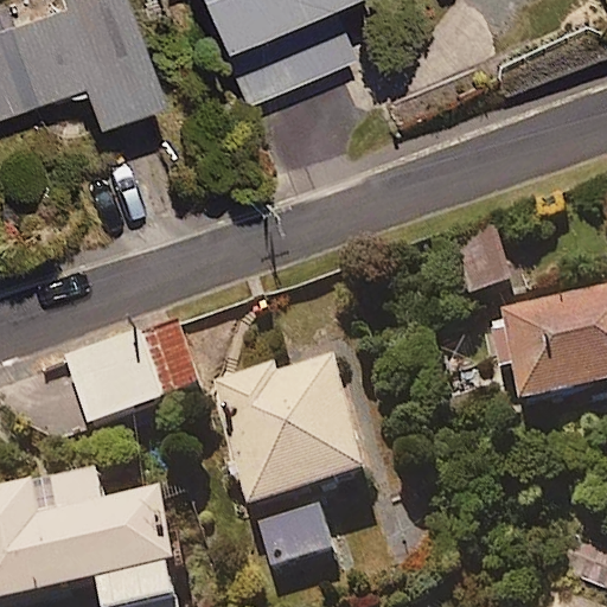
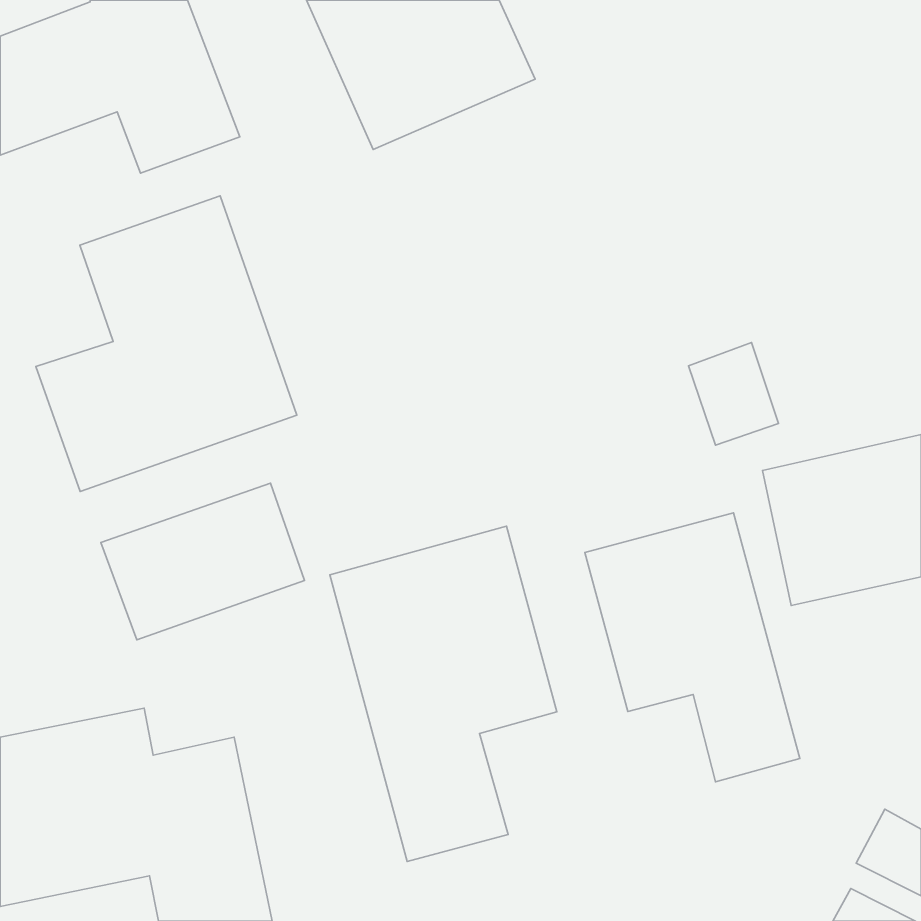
building: none -> [36,196,297,492]
building: none -> [585,513,800,782]

